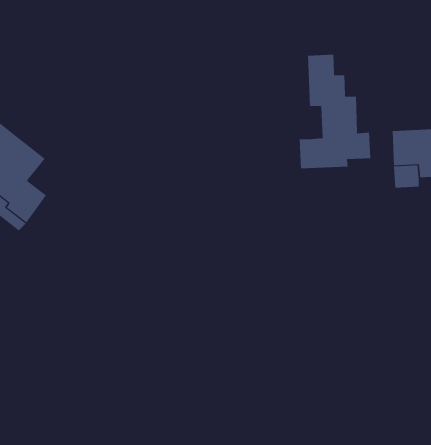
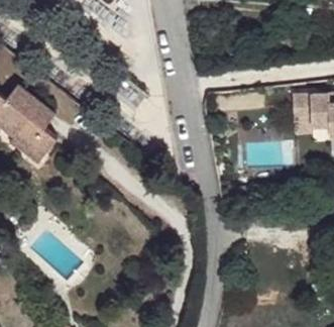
building: [299,54,371,169] -> none

